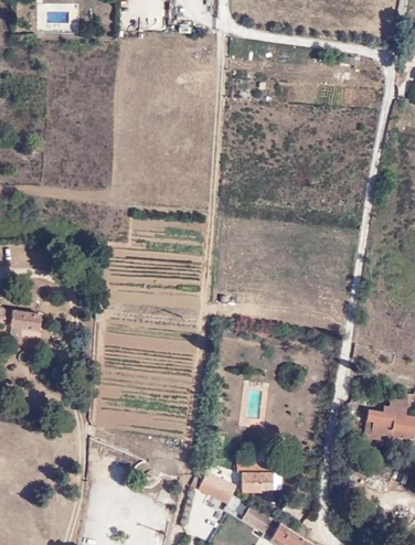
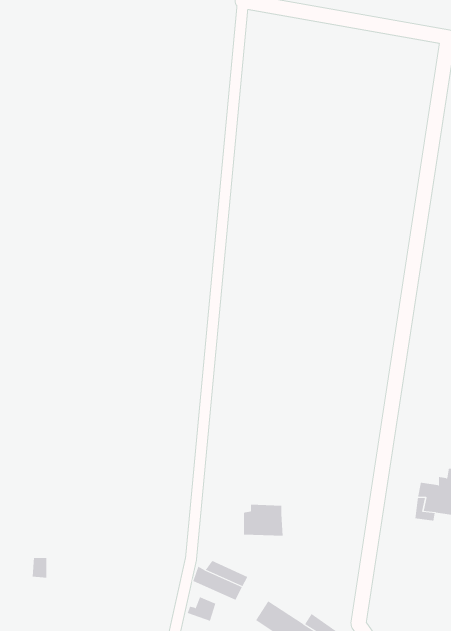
building: [241,467,273,492] -> [243,504,284,536]

